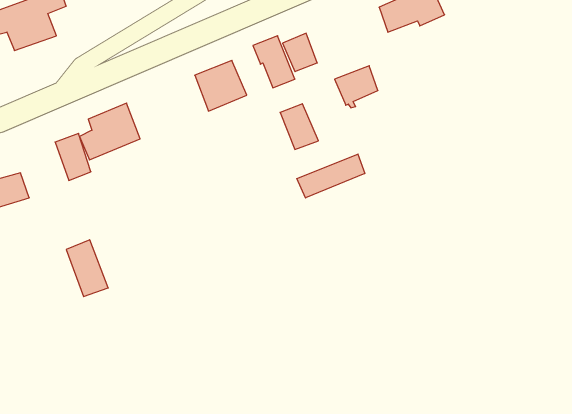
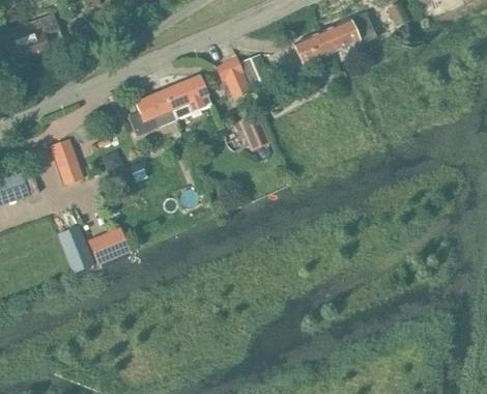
building: [335,66,378,108] -> [293,31,330,66]
building: [80,103,140,160] -> [128,88,179,136]
building: [297,154,365,198] -> none
building: none -> [89,227,131,263]

